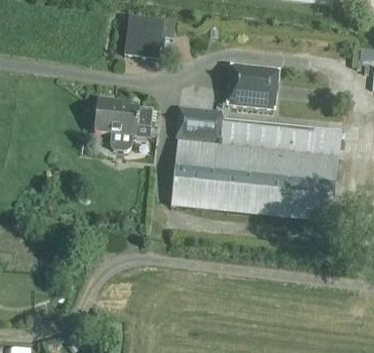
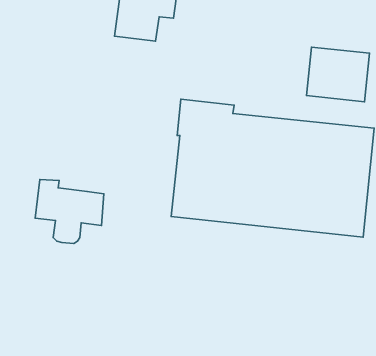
building: [226,63,278,108] -> [307,47,369,102]
building: [94,97,151,150] -> [35,179,104,244]

